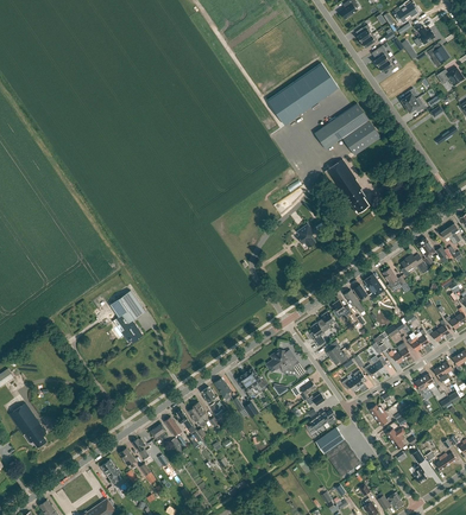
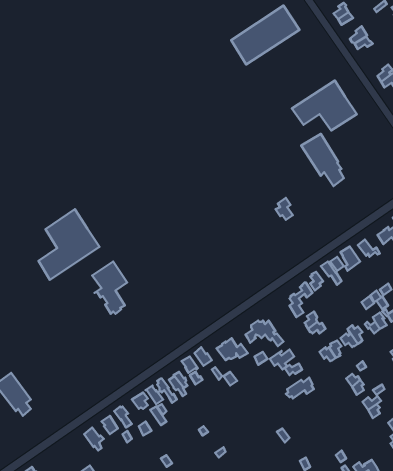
building: [270,63,340,123] -> [231,5,300,65]
building: none -> [38,209,100,280]
building: [316,427,361,476] -> none

